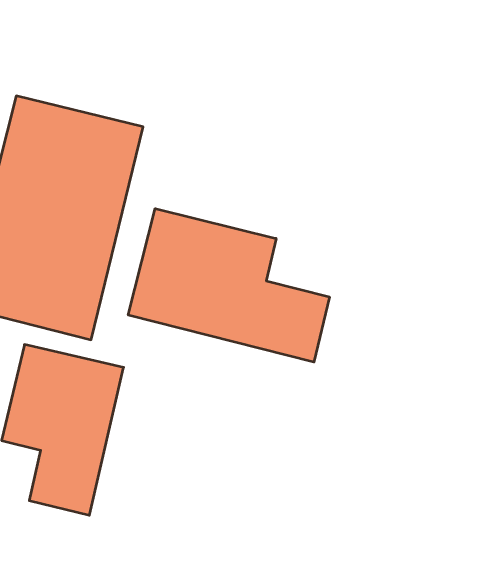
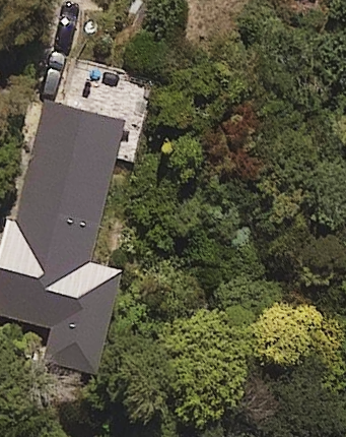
building: [128,209,329,362] -> none

